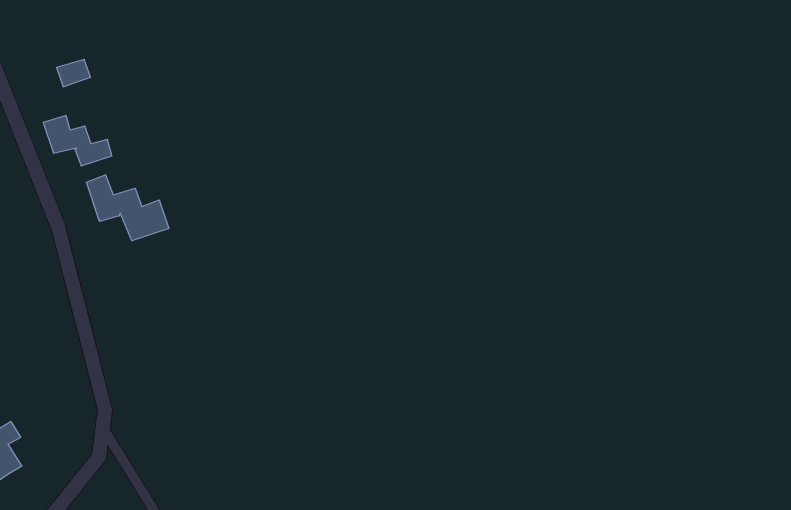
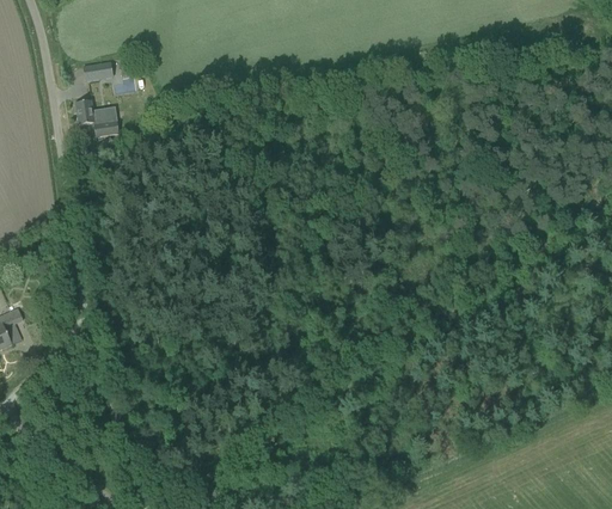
building: [86,175,169,241] -> none

